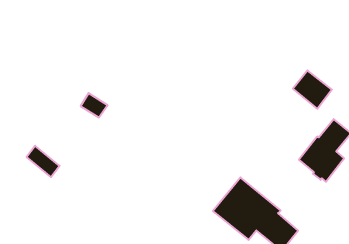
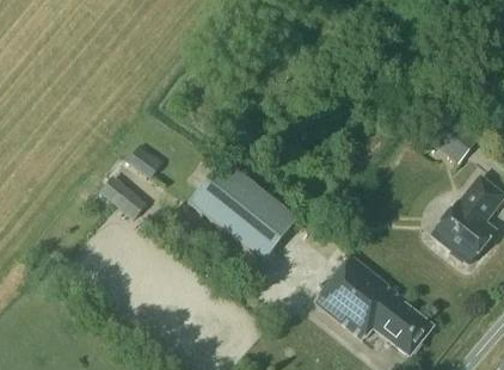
building: none -> [186,159,295,260]
building: [27,146,60,177] -> [99,174,145,217]

